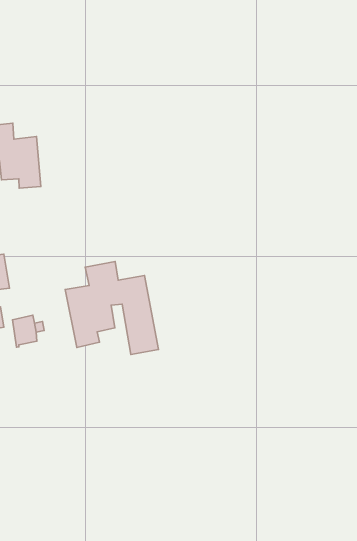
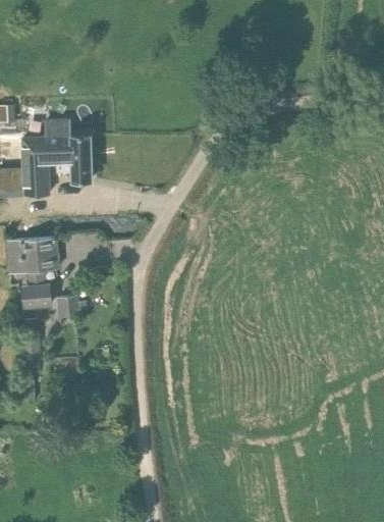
building: [65,262,159,354] -> none

